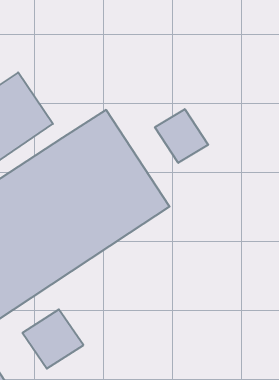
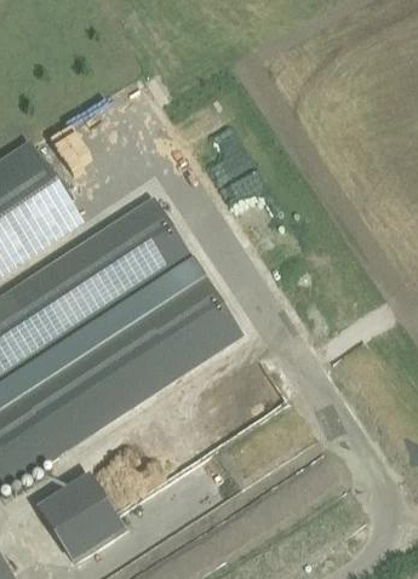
building: [155,109,208,163] -> none

